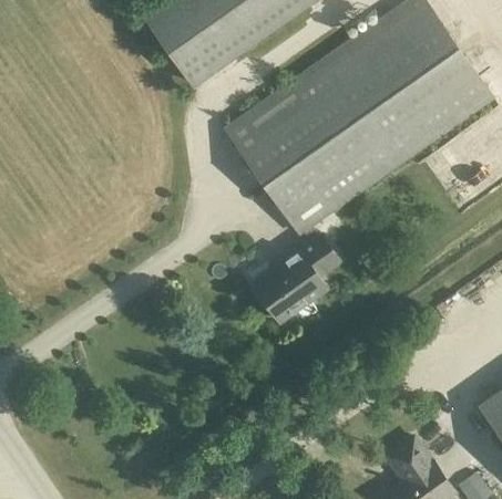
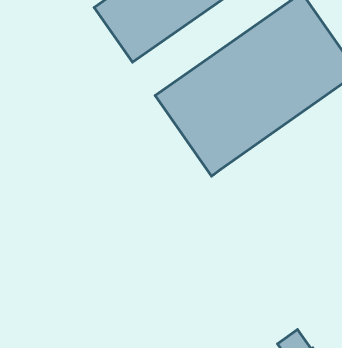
building: [252,227,339,322] -> none

